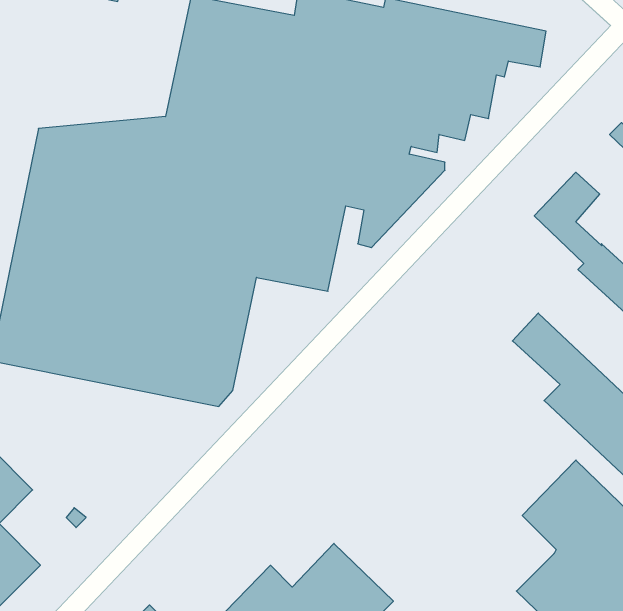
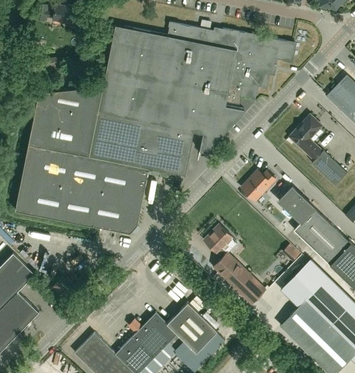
building: none -> [240,170,275,201]
building: none -> [203,224,264,304]

